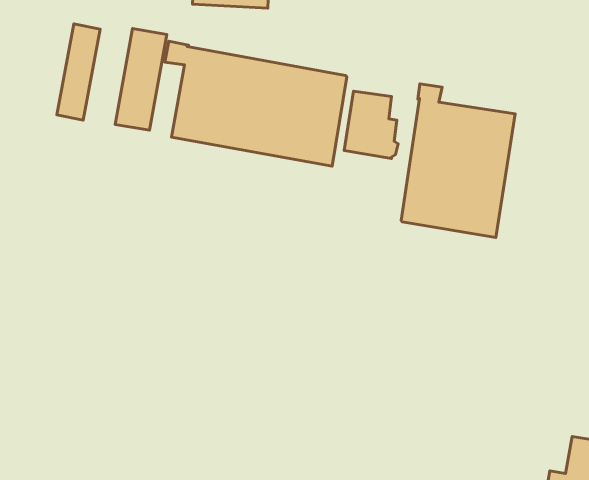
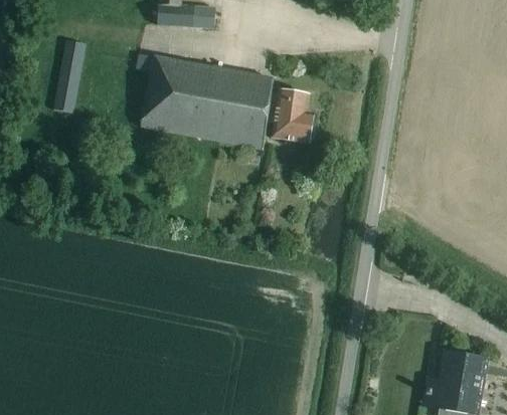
building: [115,29,167,130] -> none
building: [401,84,515,238] -> none

